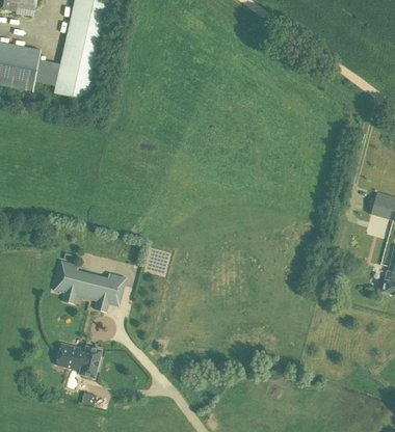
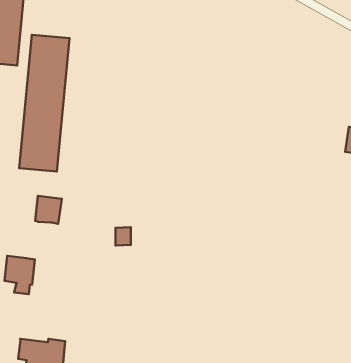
building: none -> [19,35,70,171]
building: [95,278,121,305] -> [35,196,62,224]

